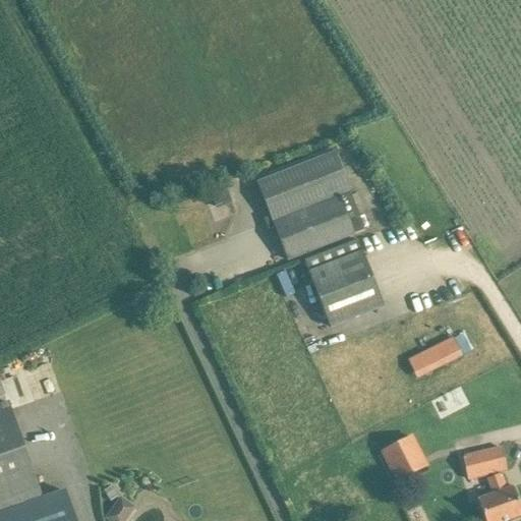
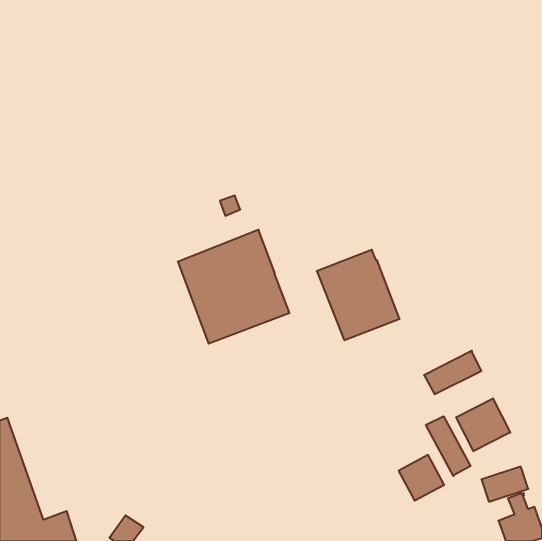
building: [257,150,364,258] -> [178,230,289,344]
building: none -> [456,398,510,451]
building: none -> [426,416,471,476]

